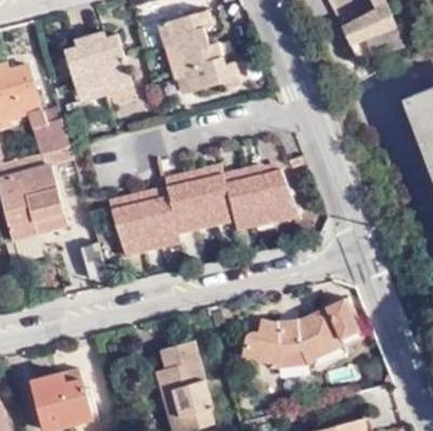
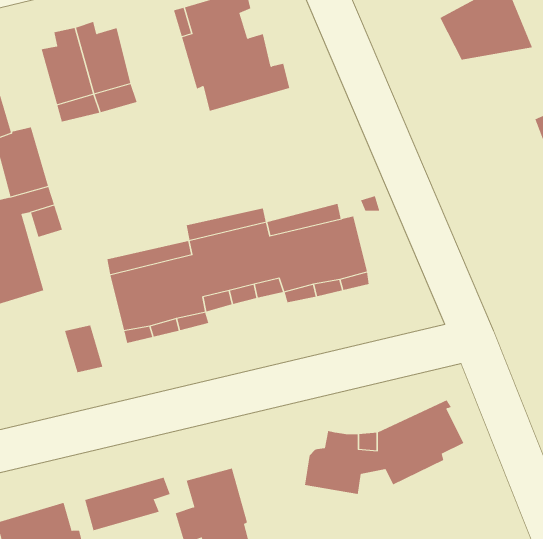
building: none -> [85,477,170,531]

